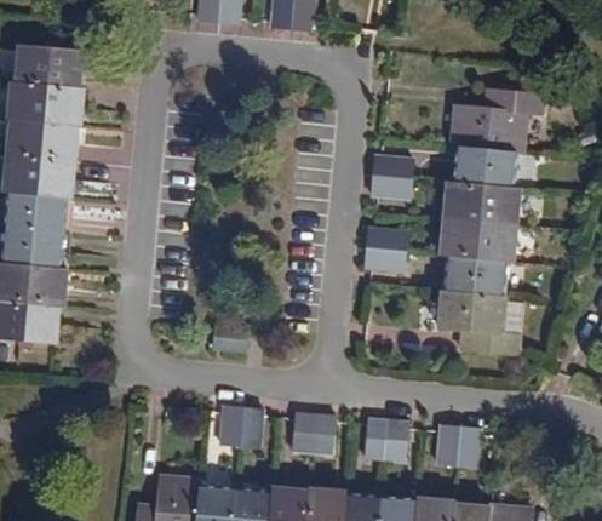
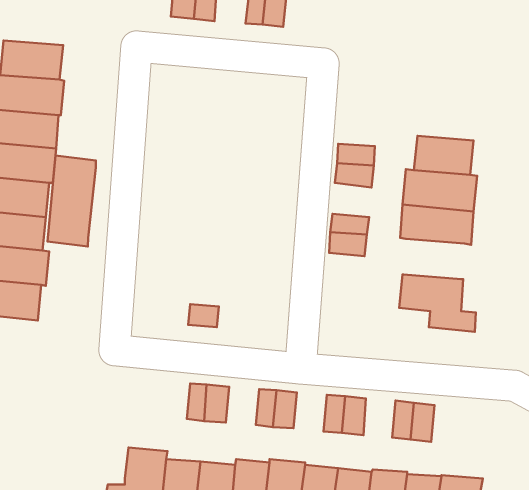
building: [449,85,545,150] -> none
building: none -> [47,156,96,246]
building: [443,253,508,296] -> none

